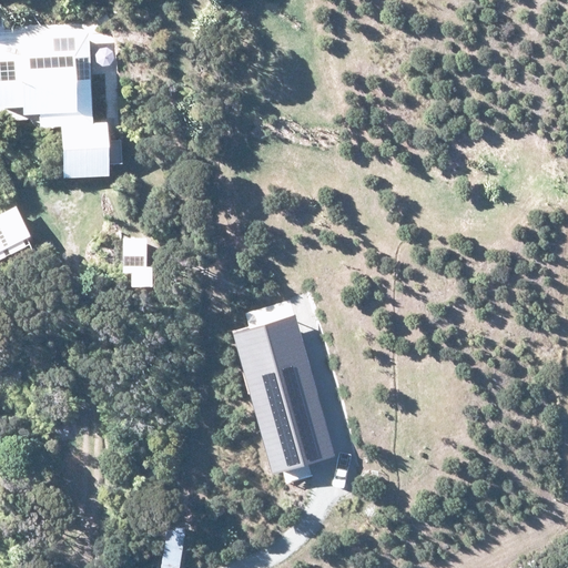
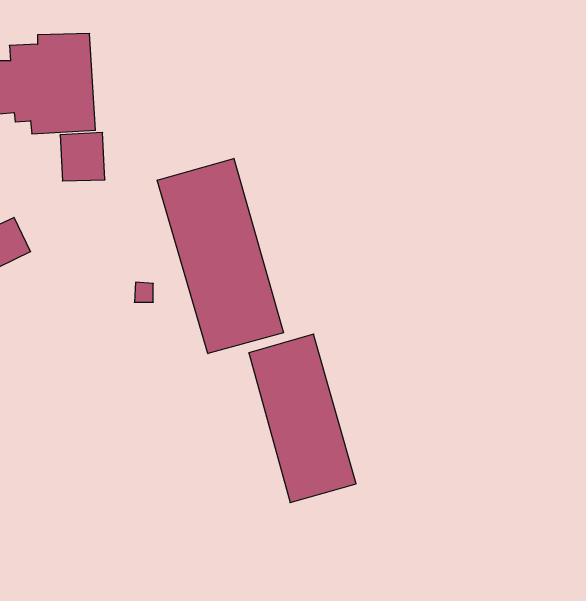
building: none -> [157,158,283,354]

